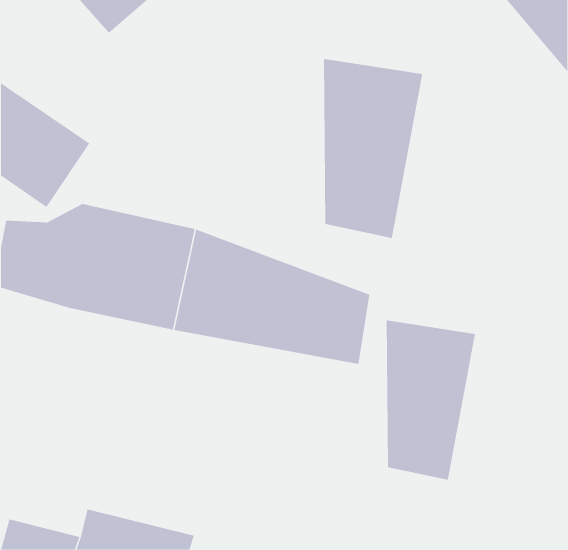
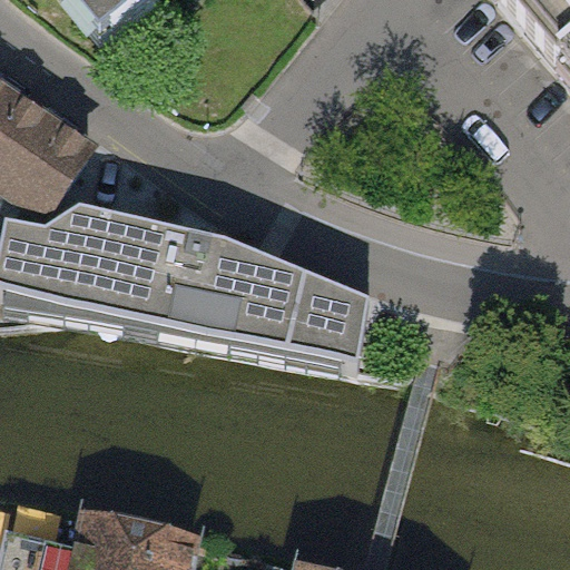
building: [323,58,423,239] -> none
building: [386,319,476,481] -> none

